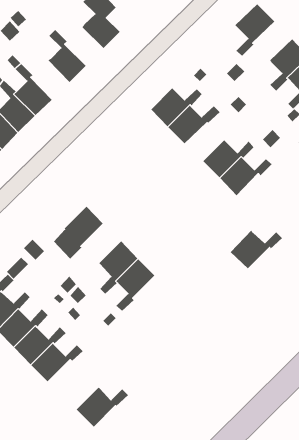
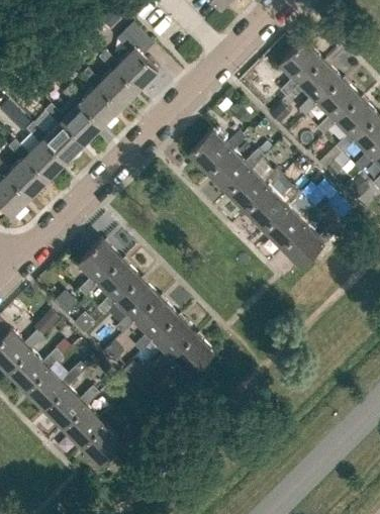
building: none -> [98,52,139,108]
building: none -> [299,61,342,116]
building: none -> [62,87,103,144]
building: none -> [226,169,283,210]
building: none -> [79,239,121,296]
building: none -> [115,277,159,333]
building: [230,230,283,269] -> [282,223,339,266]
building: none -> [171,332,214,390]
building: [76,387,129,427] -> [80,422,136,466]

